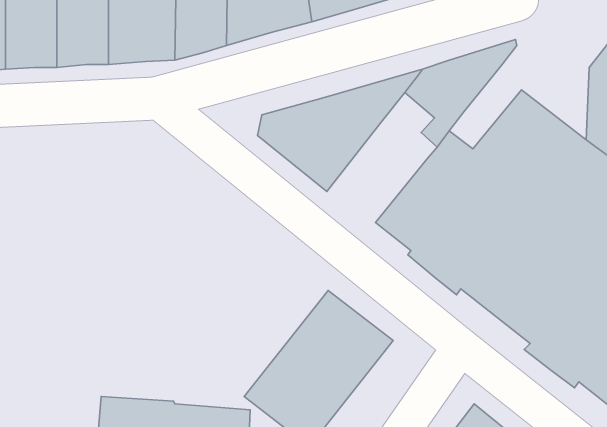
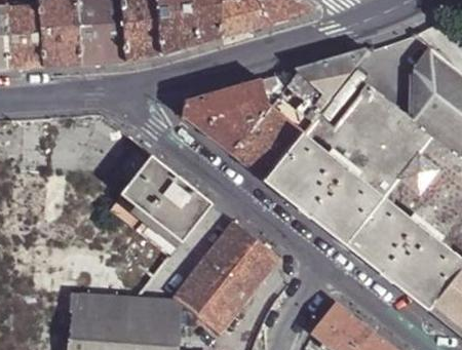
building: none -> [232,106,302,179]
building: none -> [109,156,211,258]

